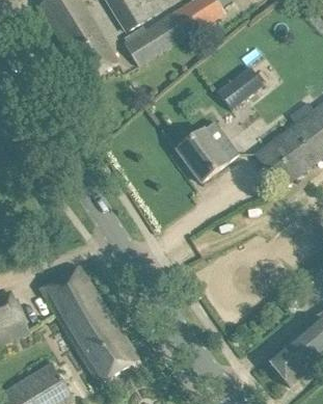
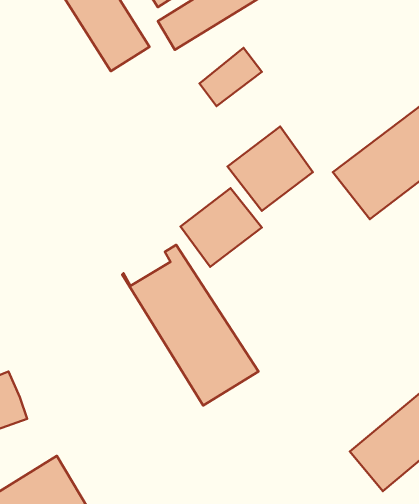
building: [218,65,264,108] -> [199,48,262,106]
building: none -> [180,188,262,267]
building: [41,266,140,383] -> [122,245,259,406]

